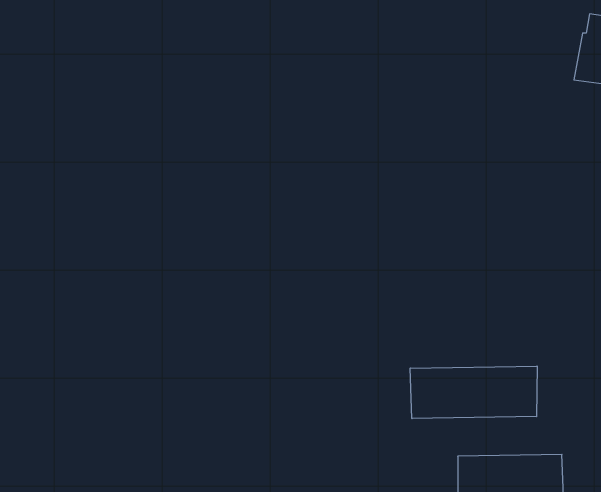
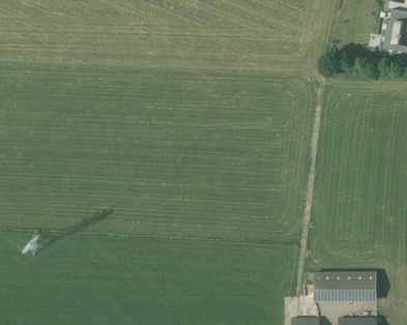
building: [410,366,537,419] -> none

